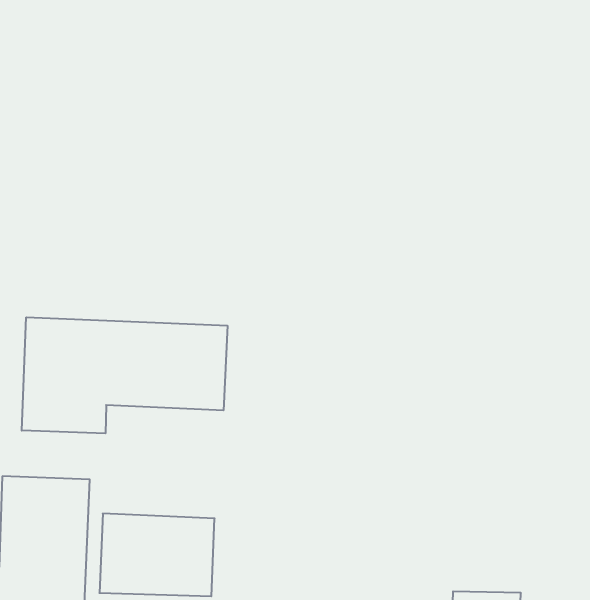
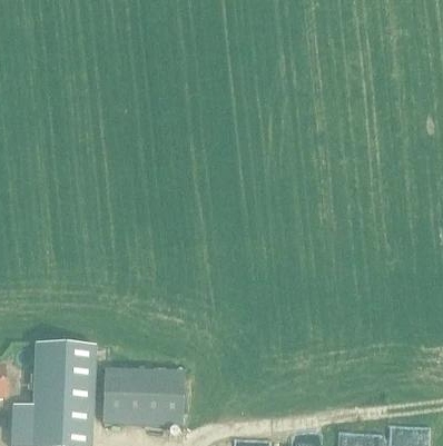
building: [22,317,227,433] -> none

